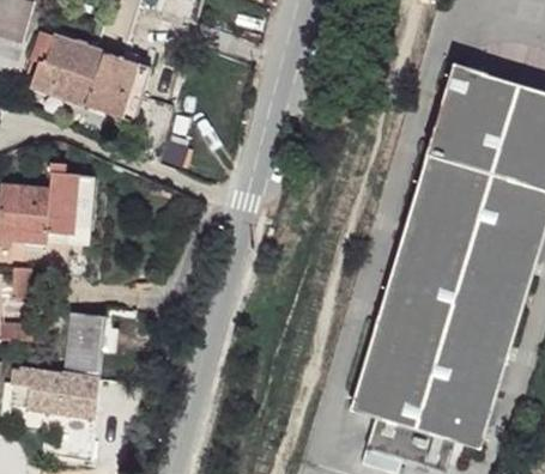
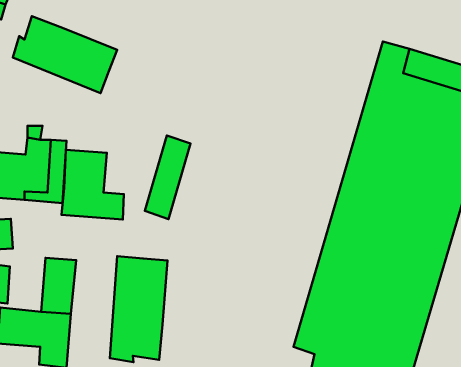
building: none -> [145,135,191,219]
building: none -> [62,150,124,220]
building: none -> [110,256,168,362]

